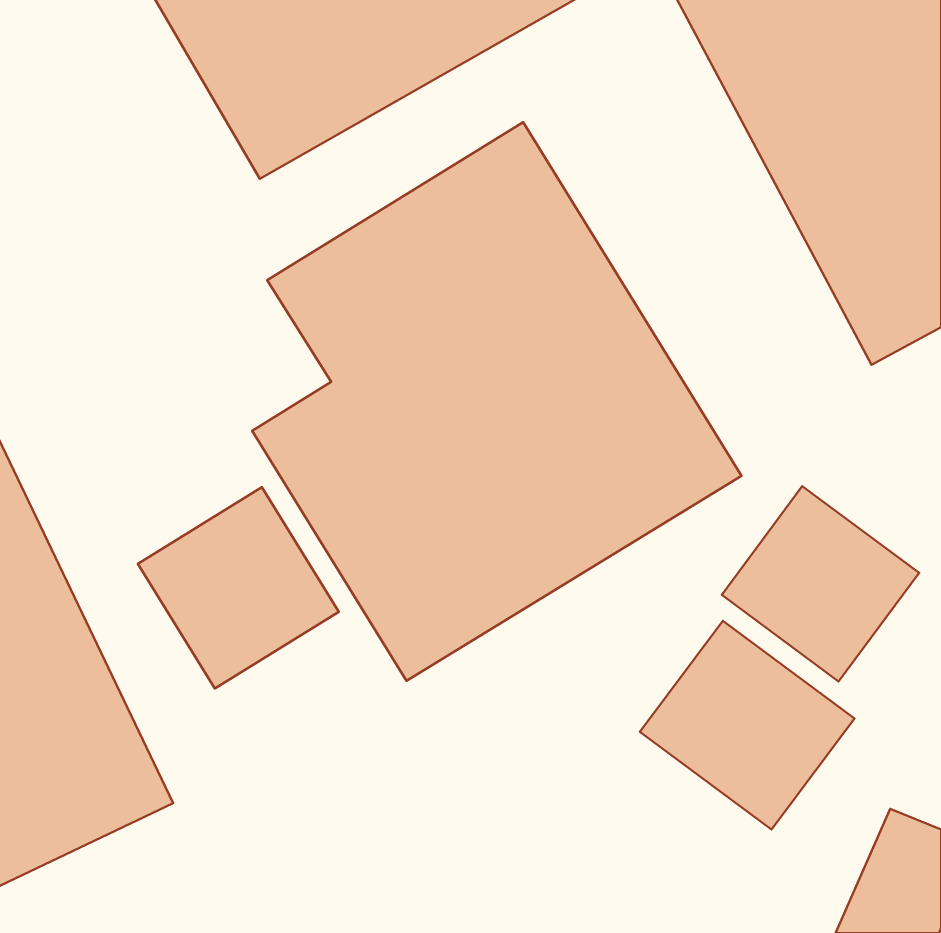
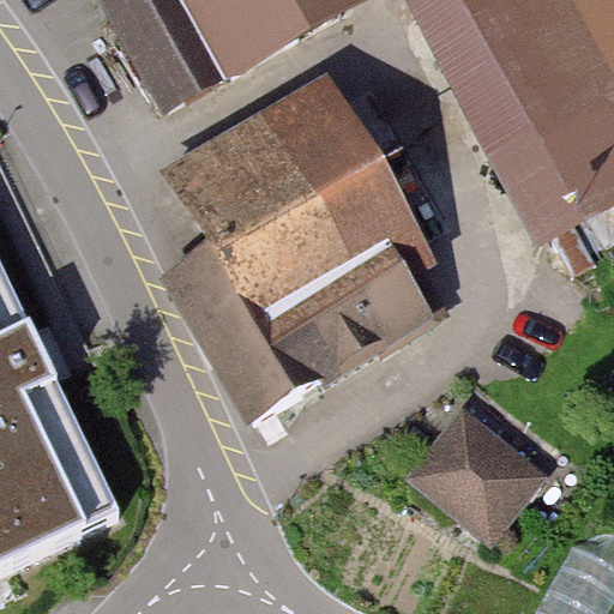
building: [722,486,919,682] -> none
building: [138,487,339,688] -> none

